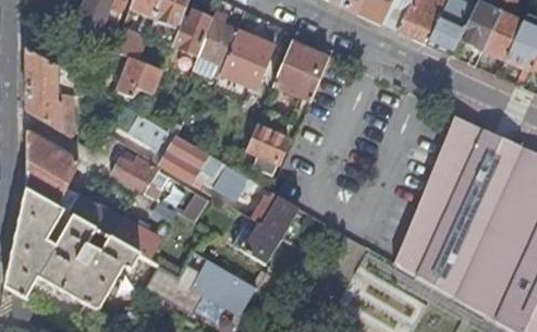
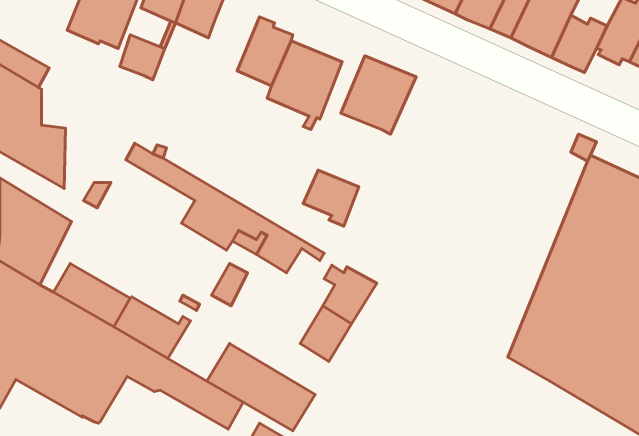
building: [169,12,212,56] -> none
building: [118,57,162,97] -> none
building: [110,156,159,197] -> none

